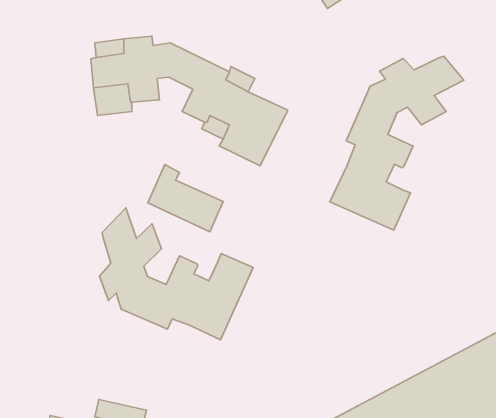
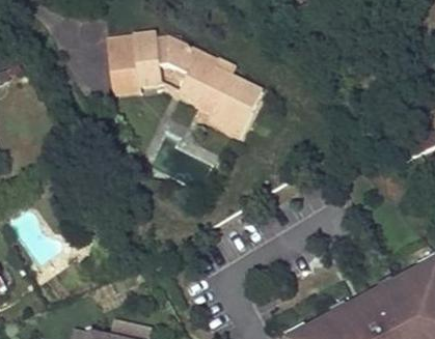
building: [330,56,464,230] -> none
building: [100,208,253,340] -> none

